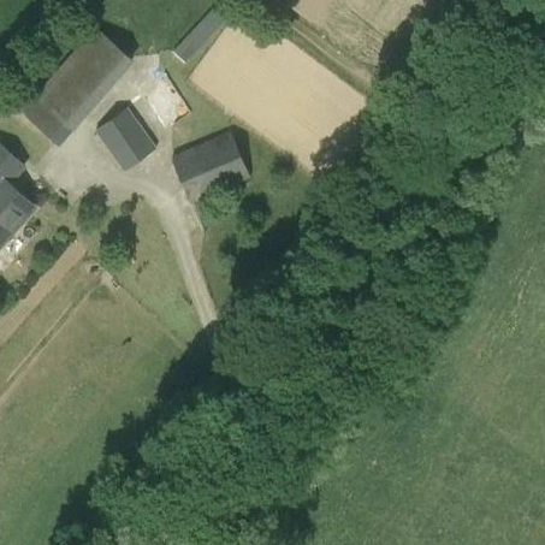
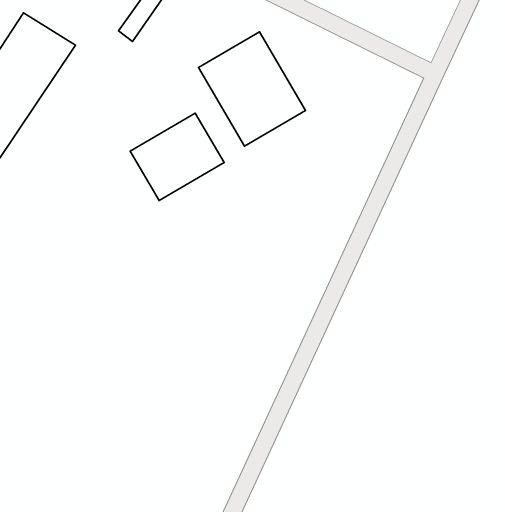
building: none -> [198,32,306,146]
building: [93,108,154,170] -> none

